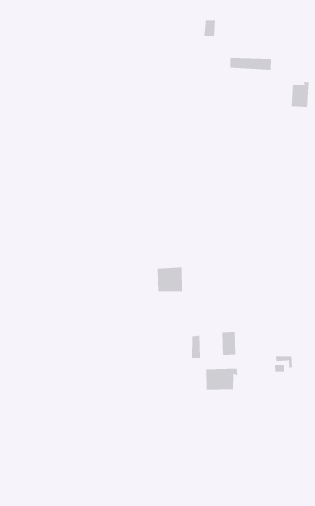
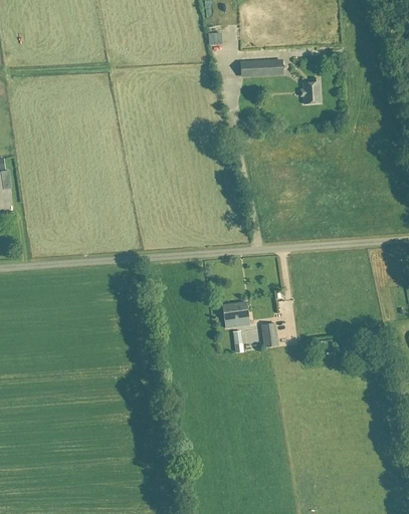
building: [157,267,183,292] -> [222,301,249,327]
building: [206,368,238,390] -> none

